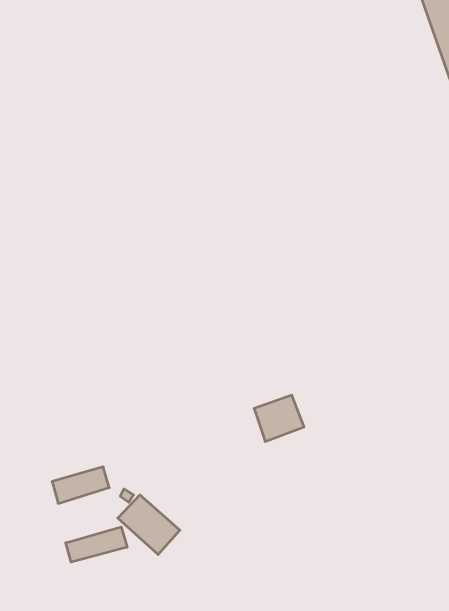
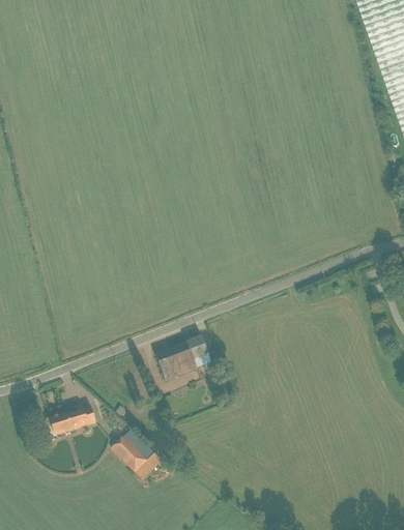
building: [254,395,304,441] -> [161,341,203,380]
building: [66,527,127,562] -> none

